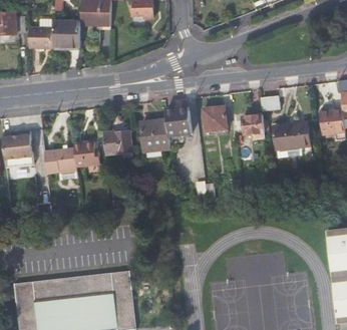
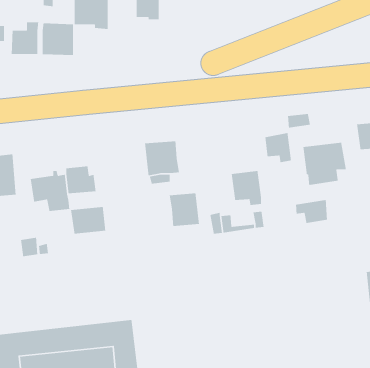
building: [201,105,227,135] -> [231,170,262,206]
building: [164,106,191,135] -> [169,192,200,227]
building: [101,130,131,154] -> [70,206,106,235]
building: none -> [295,199,328,224]

